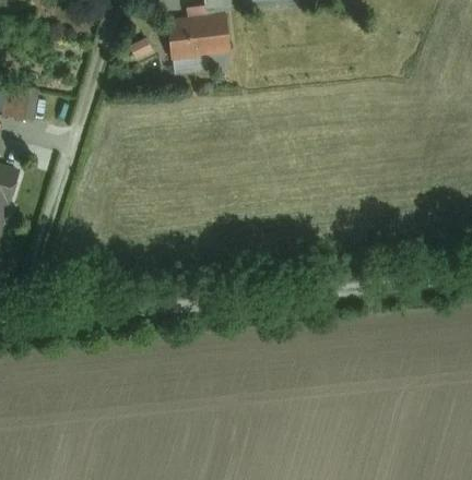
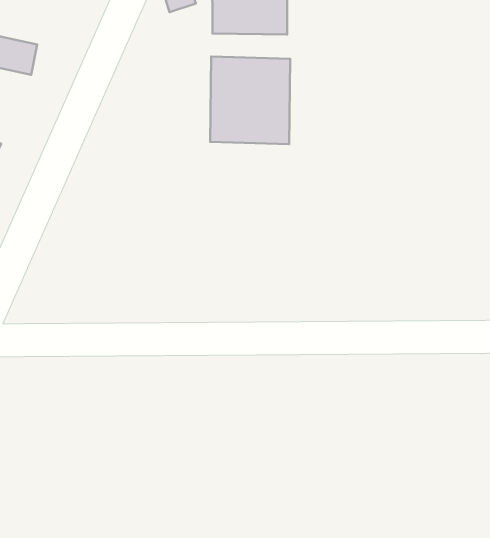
building: none -> [210,56,290,144]

